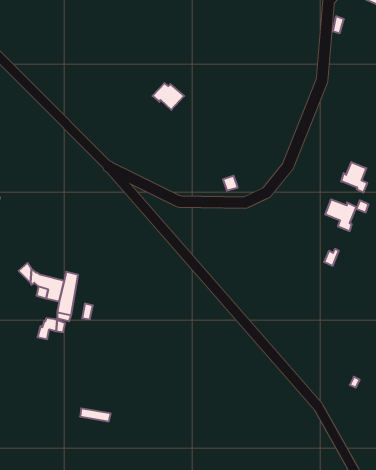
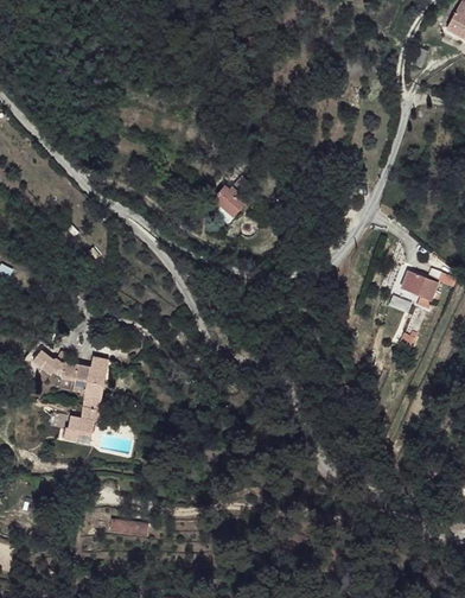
building: [152,83,184,110] -> [209,183,247,215]
building: [341,162,367,193] -> none

